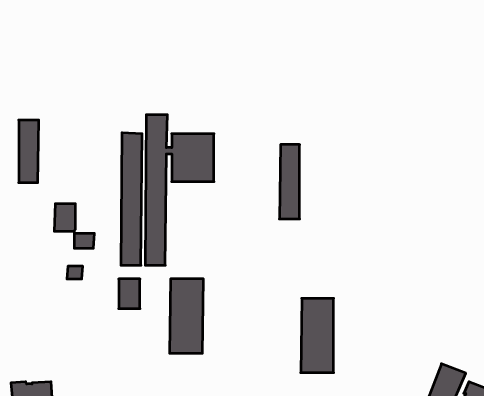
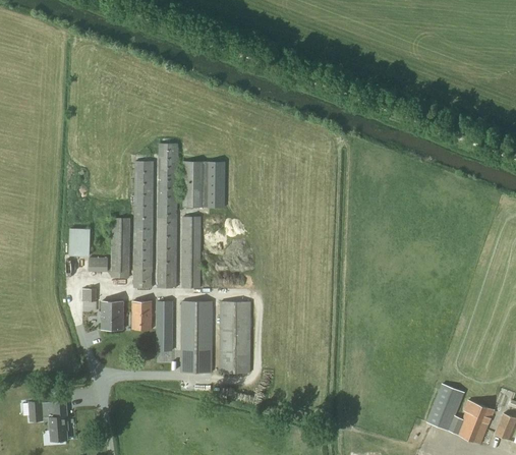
building: [19,120,39,183] -> [111,218,130,278]
building: [279,145,300,219] -> [181,217,200,288]
building: none -> [101,301,123,330]
building: none -> [156,301,173,351]
building: [301,298,334,373] -> [219,301,250,373]

